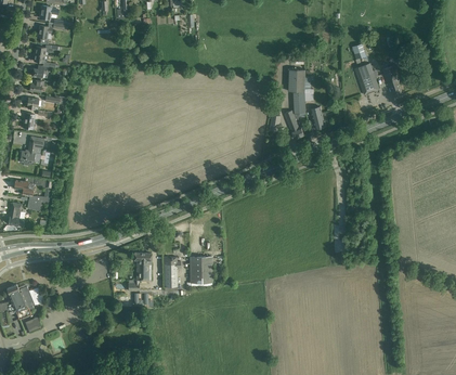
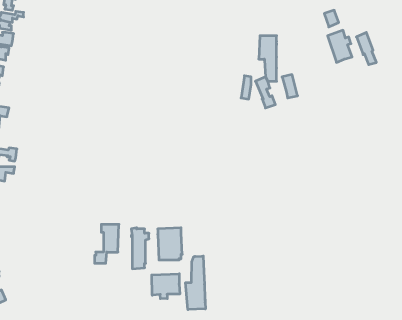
building: none -> [186,256,205,310]
building: none -> [152,274,180,299]

